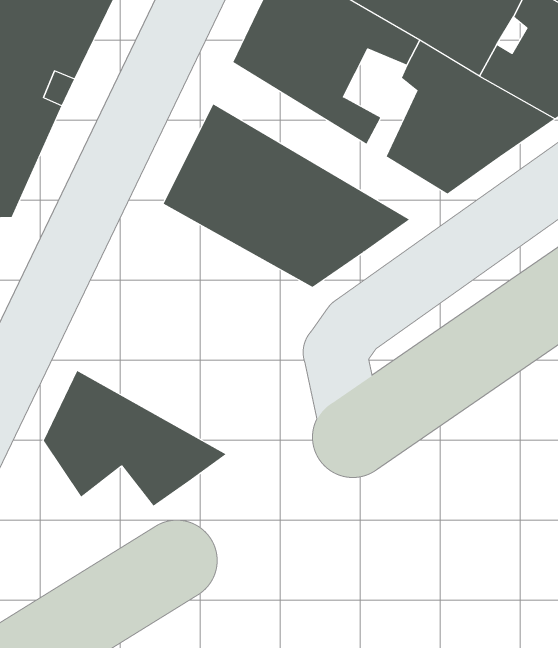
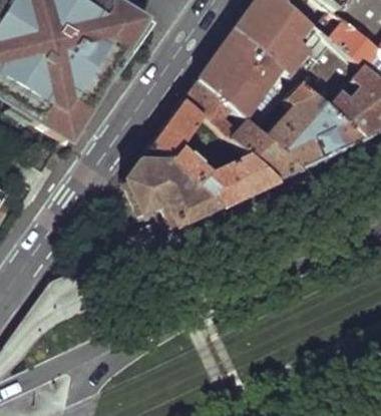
building: none -> [185,77,301,175]
building: [43,370,226,506] -> [126,145,222,224]

